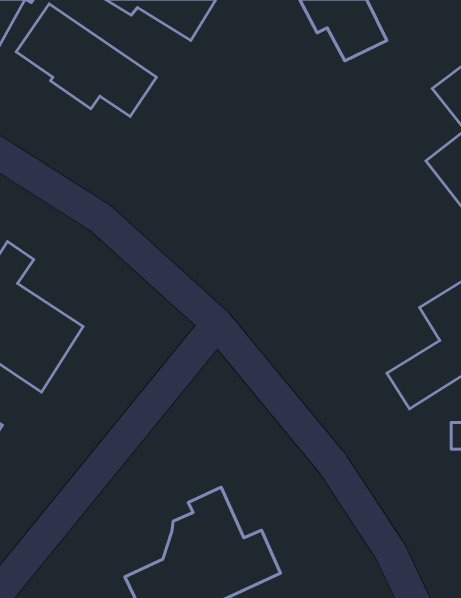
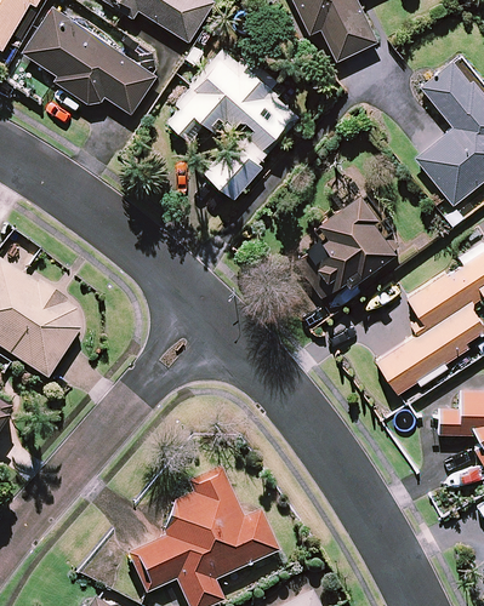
building: none -> [164,51,298,199]
building: none -> [296,193,397,297]

